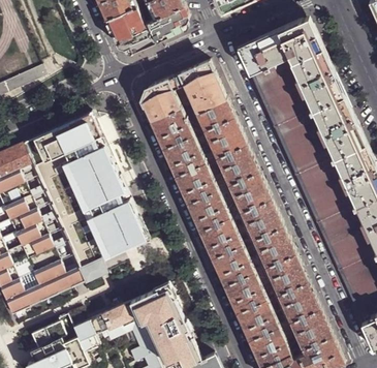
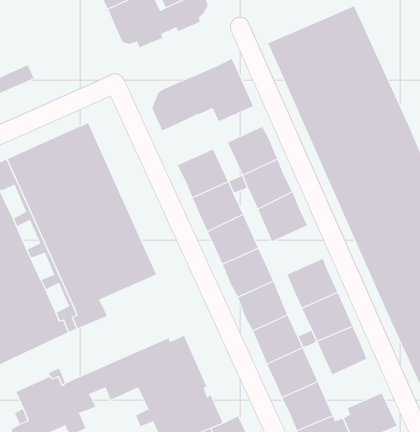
building: [197,99,233,129] -> none
building: [151,106,193,148] -> none
building: [241,197,283,238] -> none
building: [290,307,332,347] -> none

